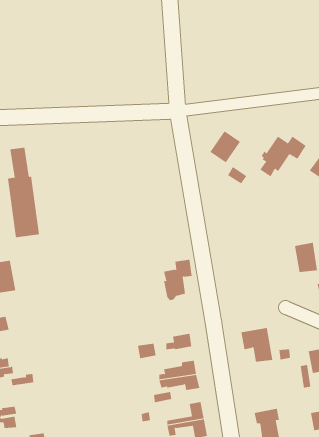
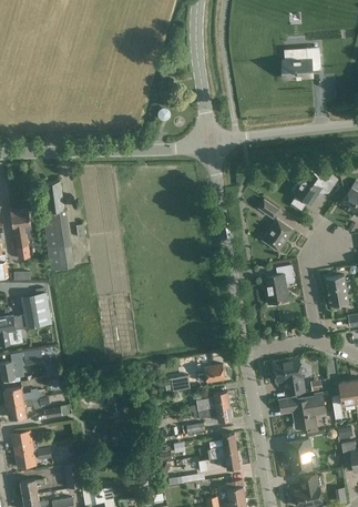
building: none -> [282,47,318,77]
building: [209,131,241,163] -> [262,219,293,251]
building: [163,259,192,301] -> [265,265,294,306]
building: none -> [278,393,325,432]

